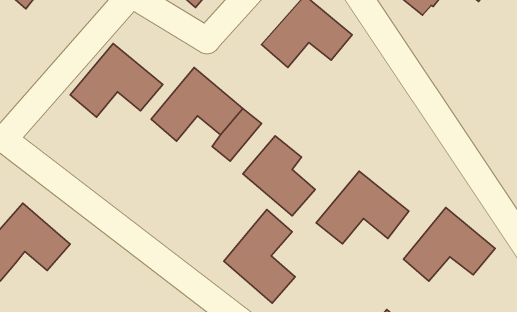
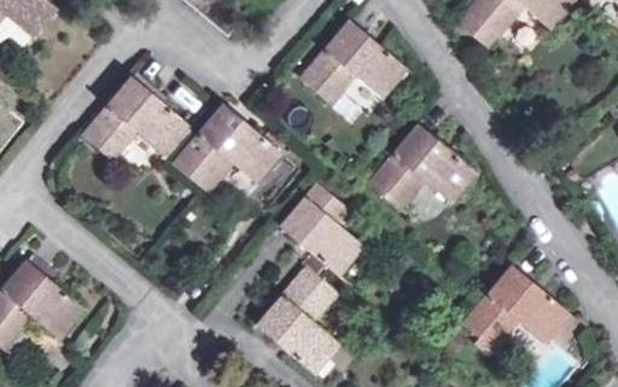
building: [316,171,409,244] -> [368,125,474,209]

